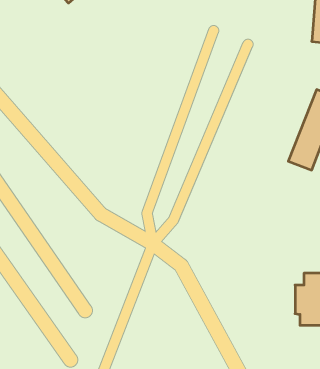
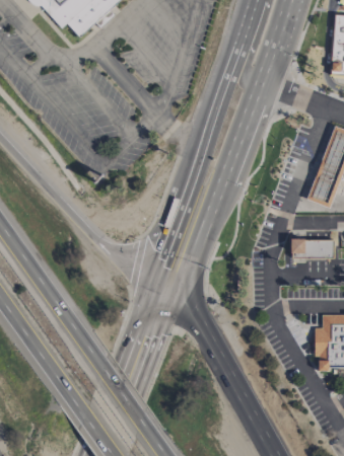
building: none -> [290,238,334,257]

